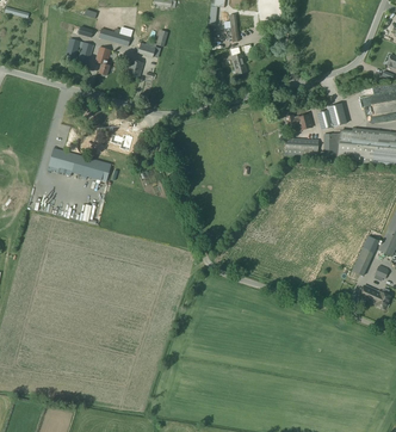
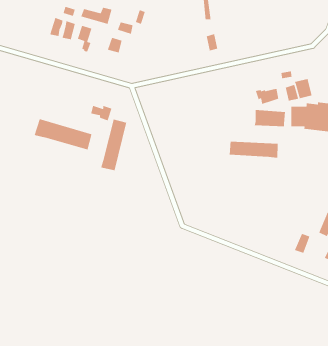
building: none -> [100,118,127,171]
building: none -> [229,141,279,159]

